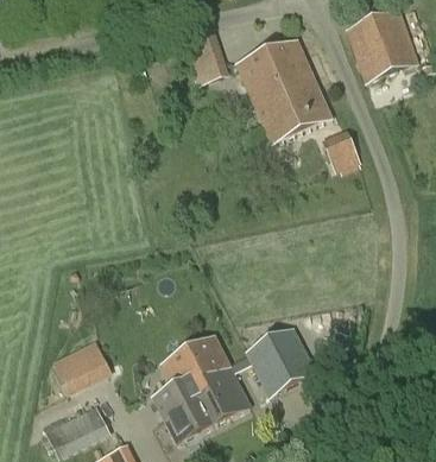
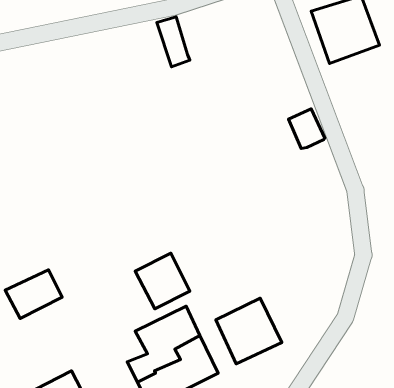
building: [236,38,331,144] -> none
building: none -> [135,253,190,309]
building: [51,343,110,394] -> [5,270,62,319]

